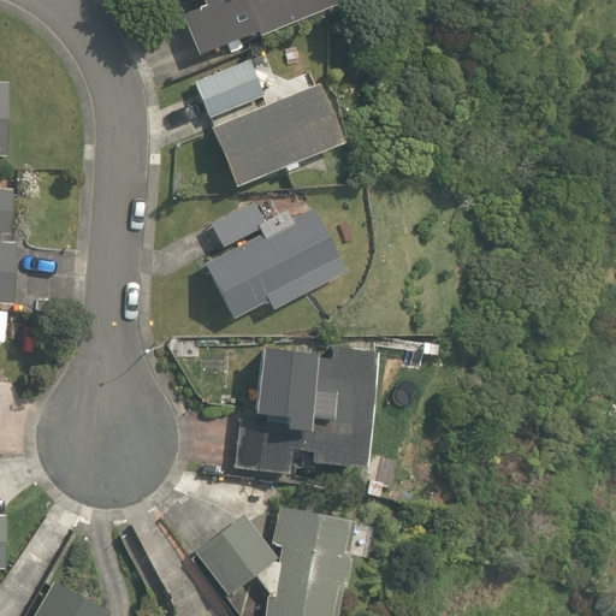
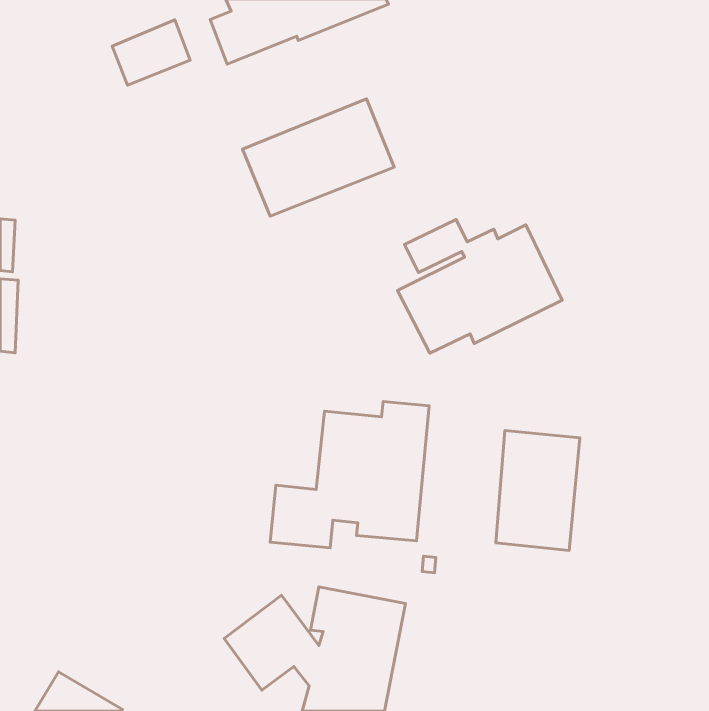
building: [197,61,265,118] -> [112,20,190,85]
building: [205,202,346,318] -> [398,219,562,353]
building: none -> [496,431,580,550]

